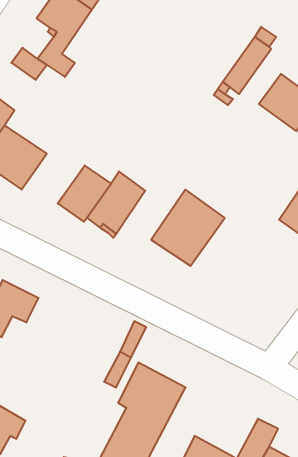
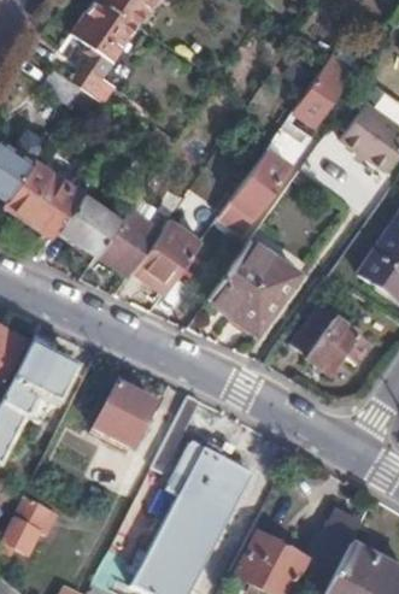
building: none -> [221,148,289,230]
building: none -> [60,194,122,254]
building: none -> [298,310,371,374]
building: none -> [95,384,157,449]

